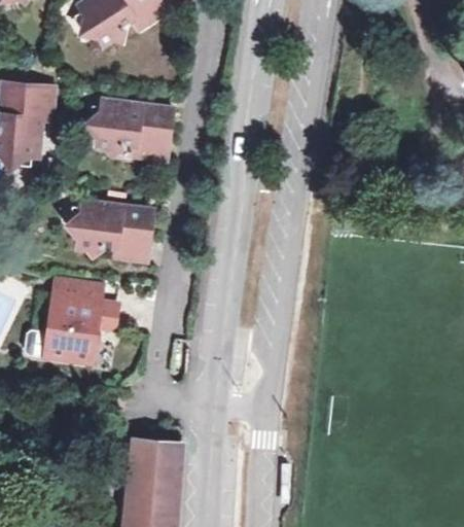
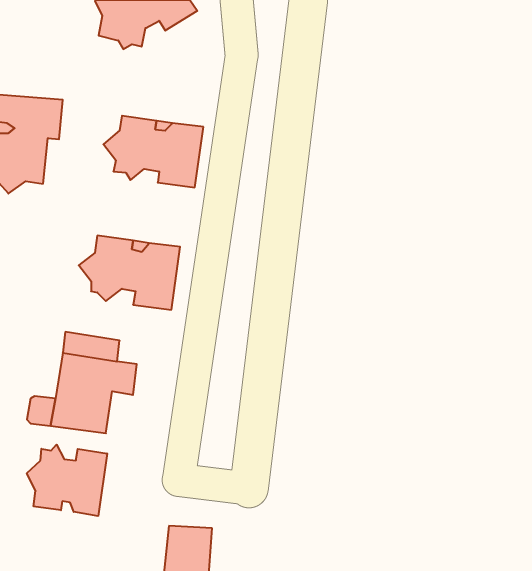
building: none -> [27,445,107,516]

